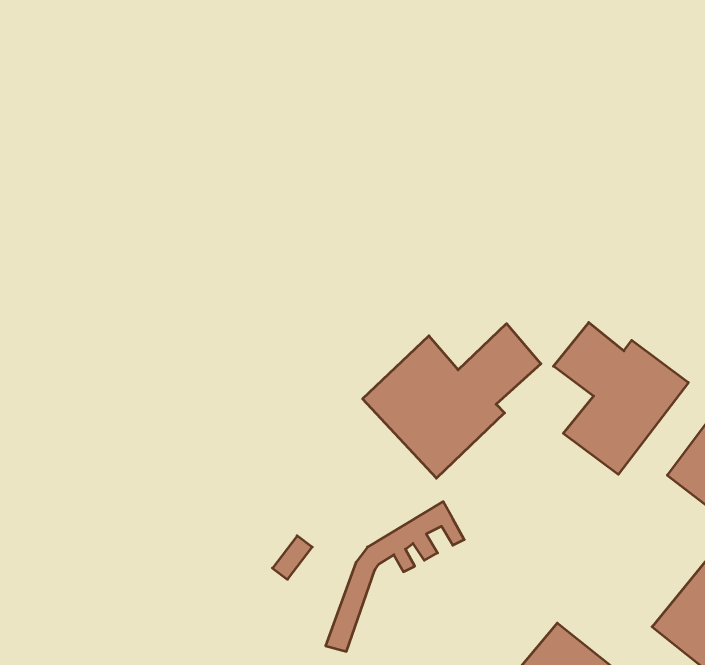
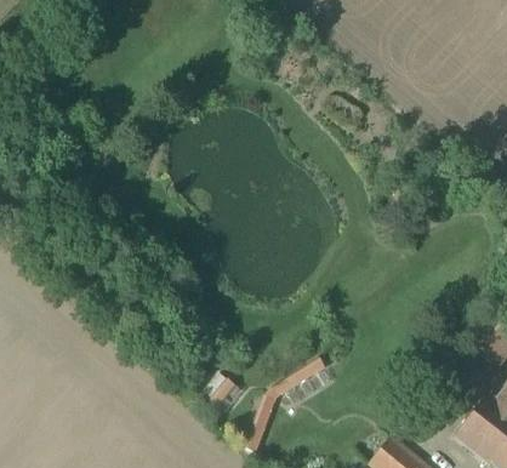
building: [553,322,688,474] -> none
building: [363,324,541,478] -> none

